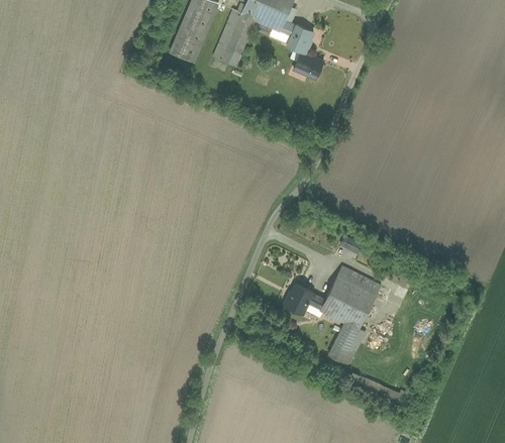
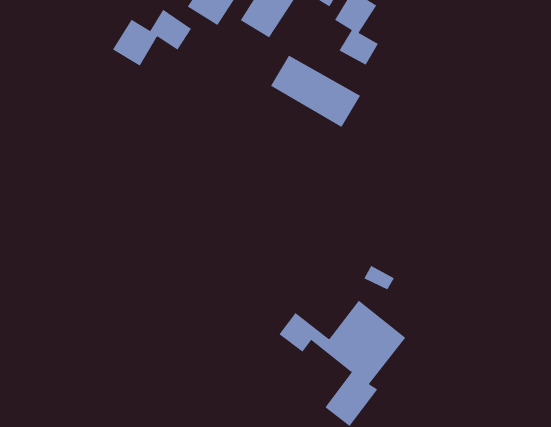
building: none -> [112,9,192,67]
building: none -> [270,55,361,128]

